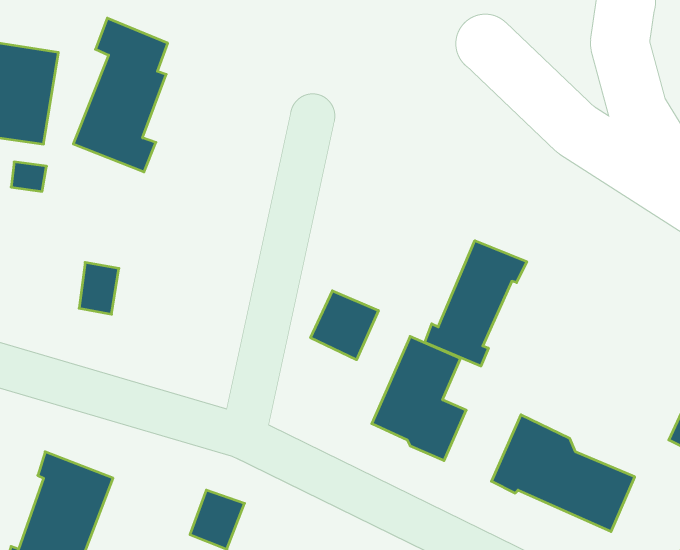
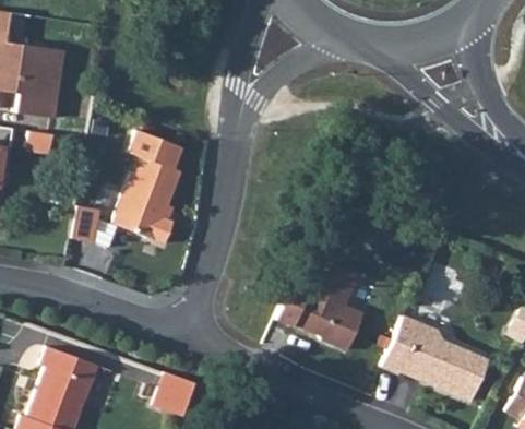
building: [73,18,168,172] -> [110,131,180,245]
building: [425,241,527,366] -> none
building: [311,291,378,360] -> none

